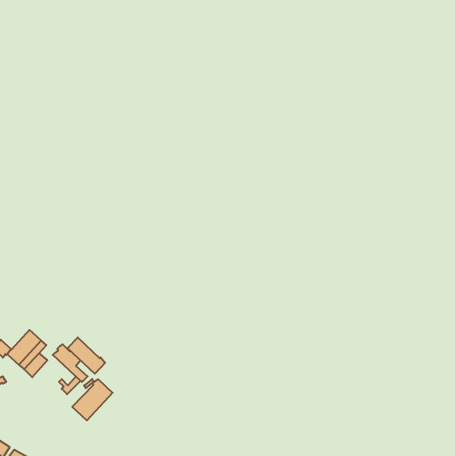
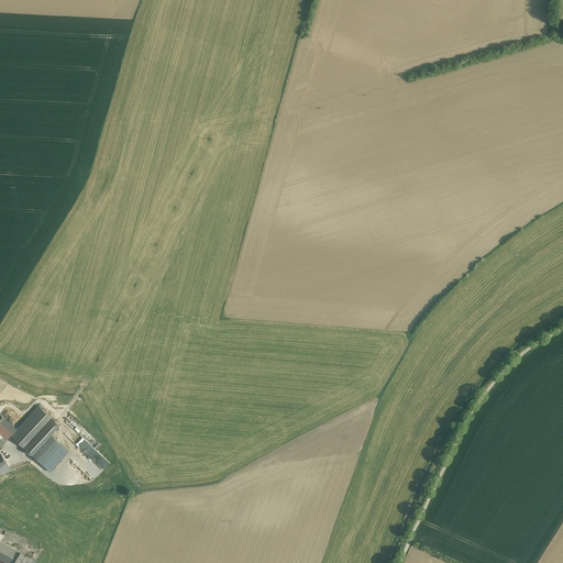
building: [68,337,105,374] -> none
building: [72,379,113,420] -> none

